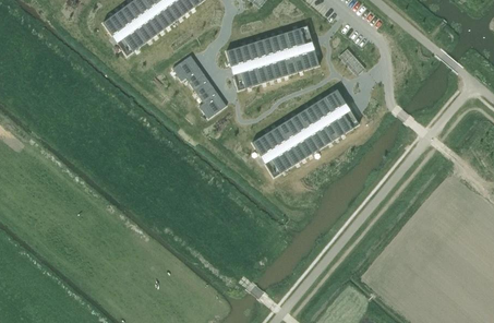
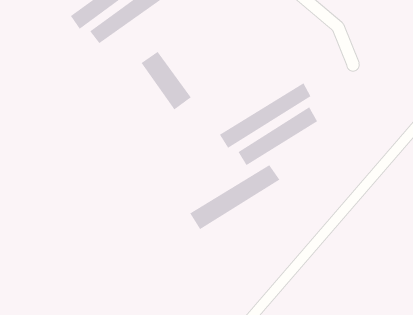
building: [227,27,305,67] -> none
building: [241,48,320,87] -> none
building: none -> [189,164,280,230]

